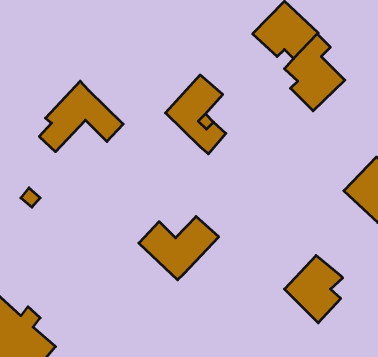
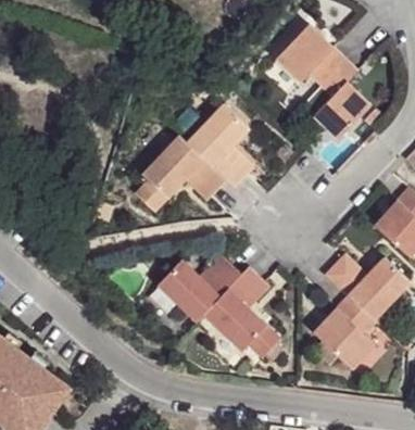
building: [39,81,123,152] -> [133,136,222,211]
building: none -> [323,256,405,318]
building: none -> [204,269,277,357]

